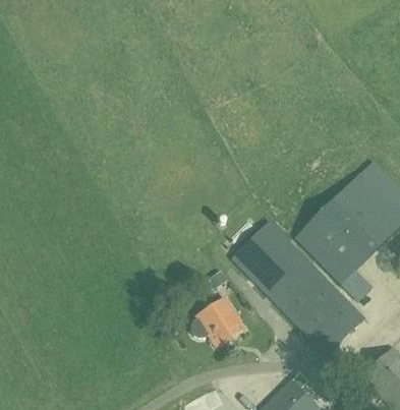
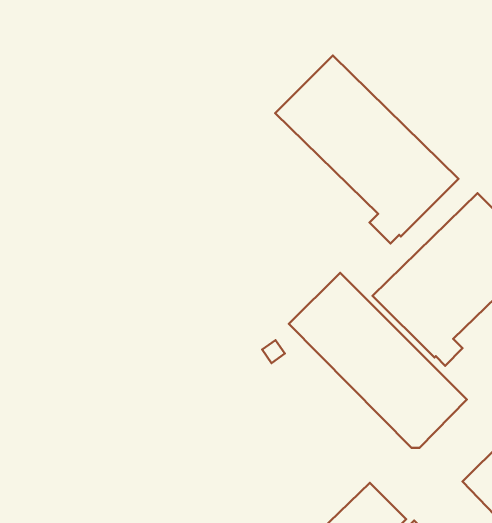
building: none -> [275,55,459,243]
building: [190,298,243,345] -> none

